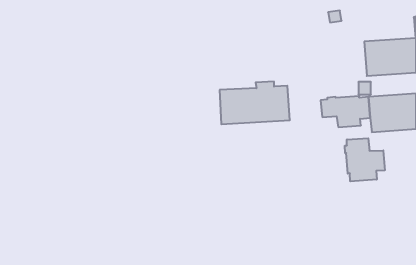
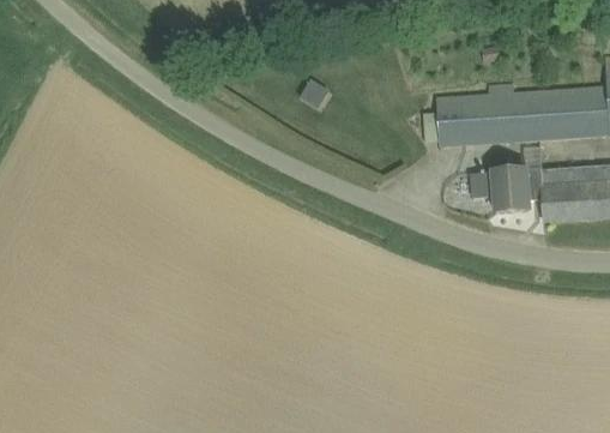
building: [220,82,290,124] -> [437,84,538,145]
building: [345,138,385,181] -> none

